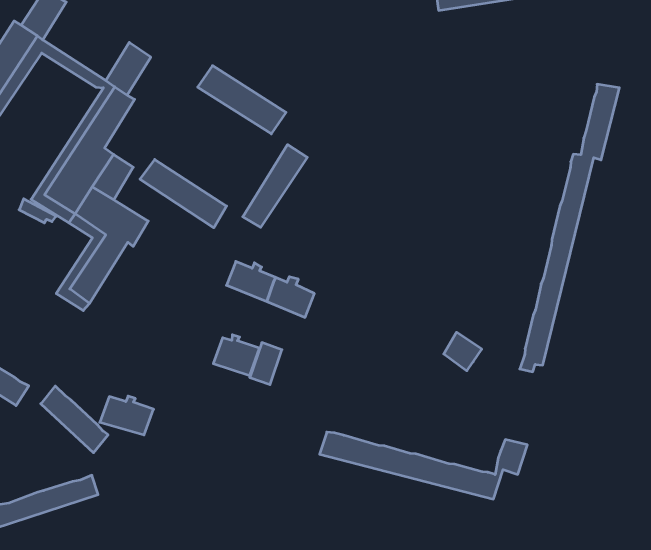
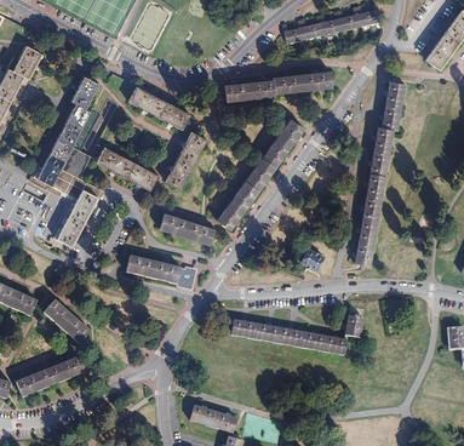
building: none -> [229,70,333,102]
building: none -> [214,120,303,233]
building: [100,396,154,435] -> [127,256,161,280]

